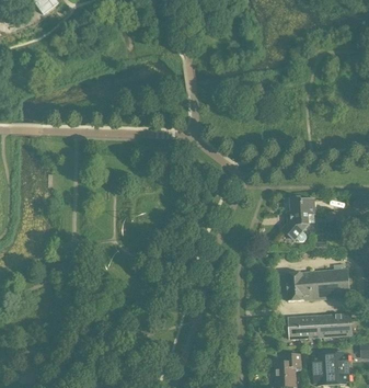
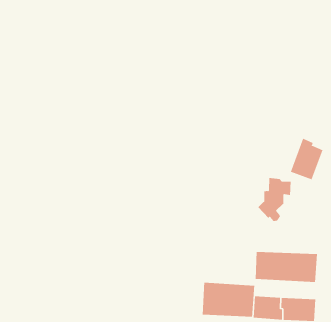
building: none -> [290,138,323,180]
building: none -> [202,282,255,317]

